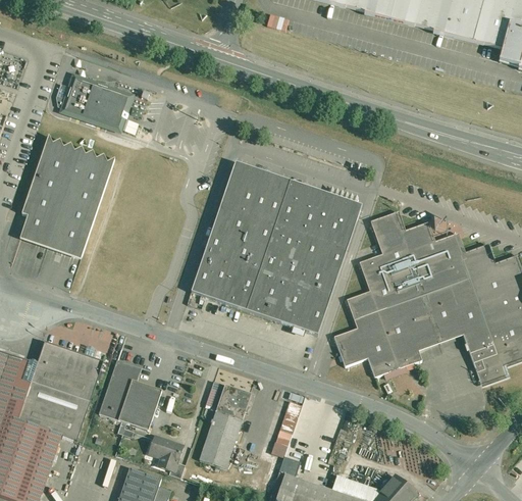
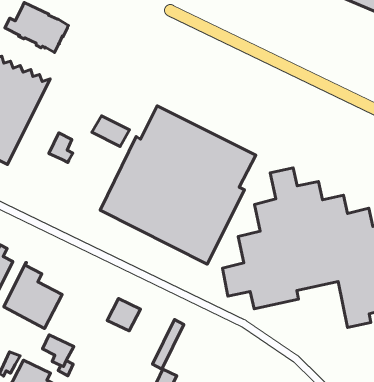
building: none -> [92,116,130,146]
building: none -> [49,133,73,163]
building: [199,411,241,468] -> none

